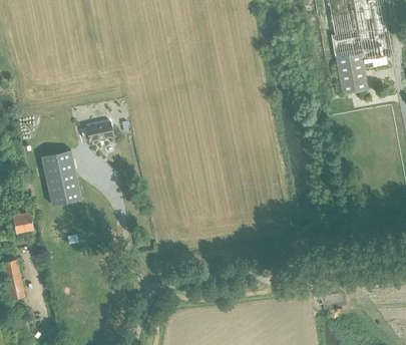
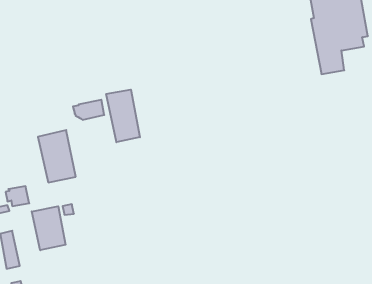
building: none -> [106,90,140,142]
building: none -> [32,206,66,250]

